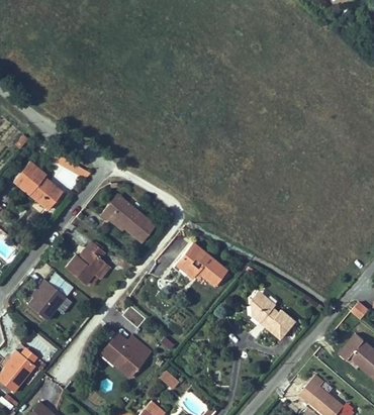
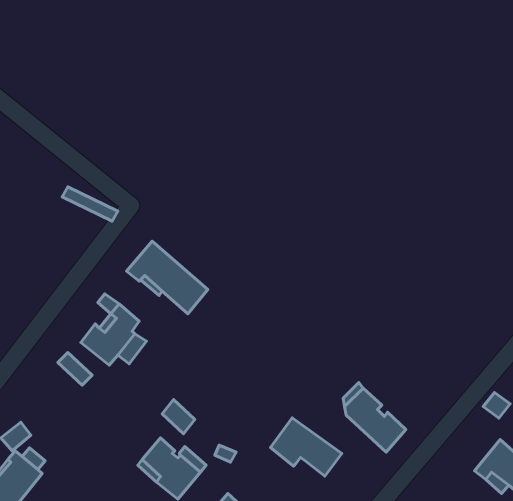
building: [12,162,63,213] -> none
building: [180,245,230,287] -> [271,418,342,476]
building: [22,279,62,321] -> none

